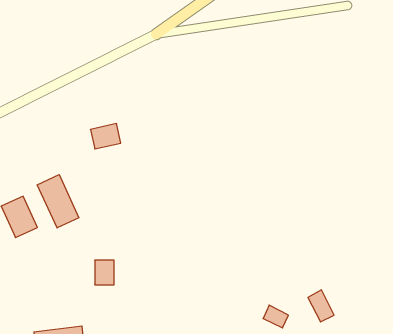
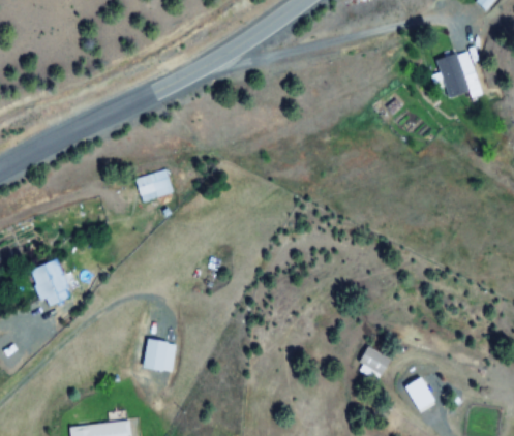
building: none -> [443,51,487,104]
building: [37,175,79,228] -> none
building: [263,305,288,328] -> [360,345,391,373]

